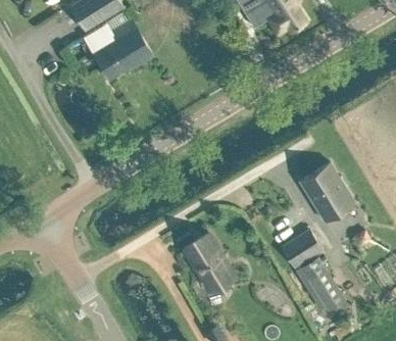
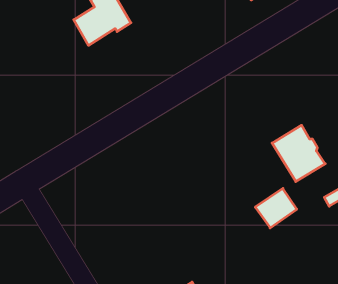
building: [183,235,233,292] -> none
building: [300,258,344,311] -> none

